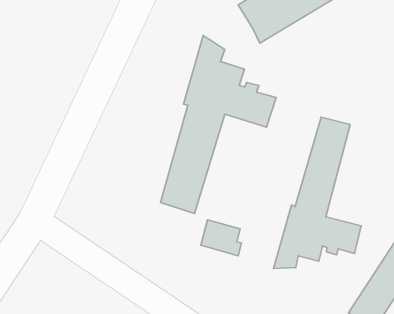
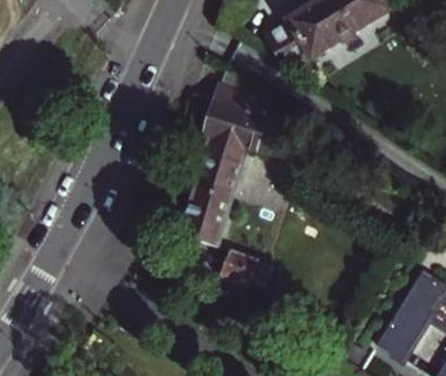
building: [274,117,361,268] -> none

